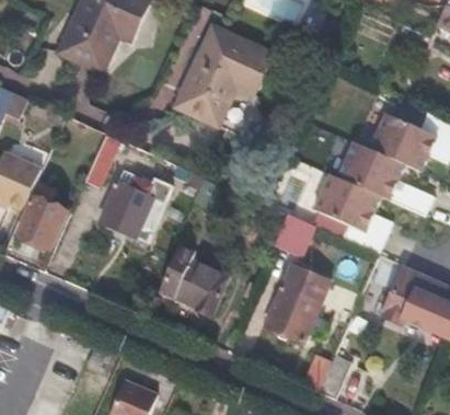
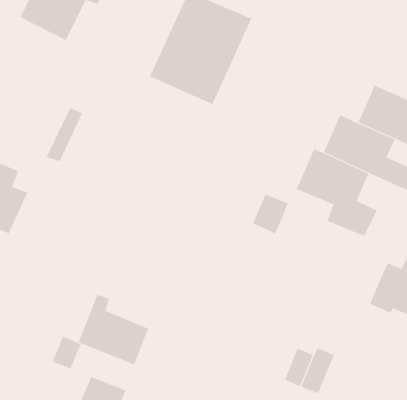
building: [99,176,170,242] -> none
building: [161,245,227,311] -> [78,294,149,365]
building: [263,266,326,343] -> none

